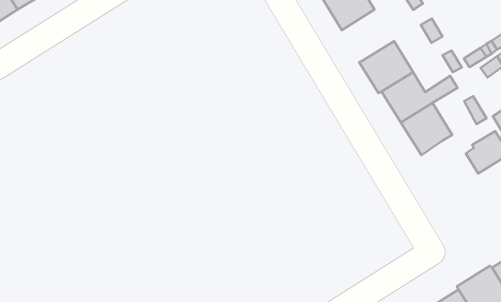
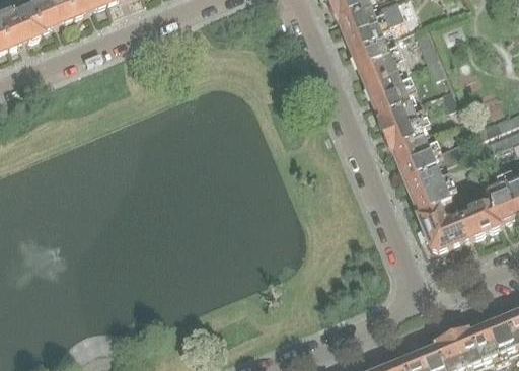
building: none -> [365,72,412,118]
building: none -> [417,204,469,251]

